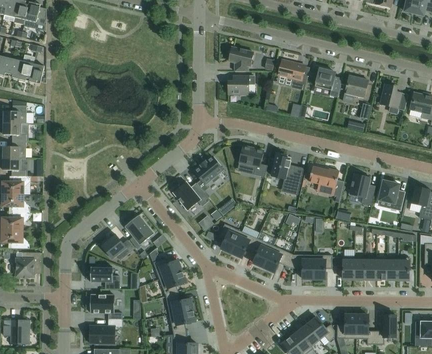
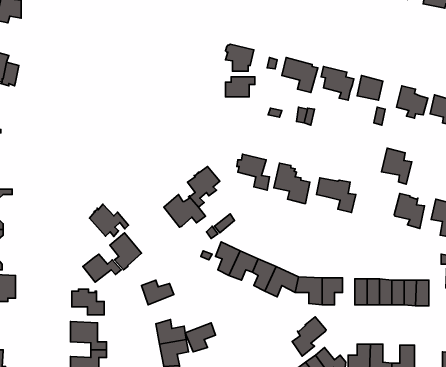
building: [349,173,376,205] -> [382,148,412,184]
building: none -> [90,204,129,236]
building: [159,270,186,296] -> [185,323,216,352]
building: none -> [292,317,326,356]

